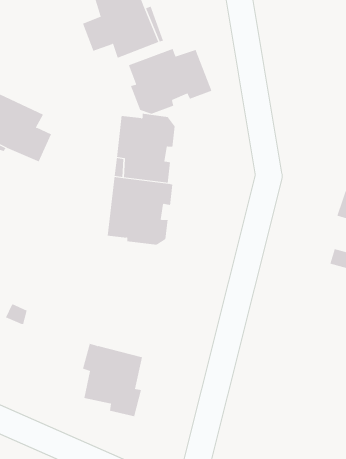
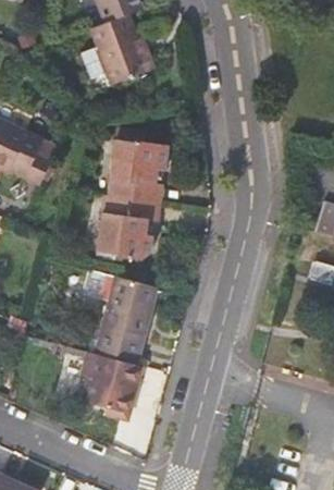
building: [128,48,212,114] -> none
building: none -> [94,274,158,364]

